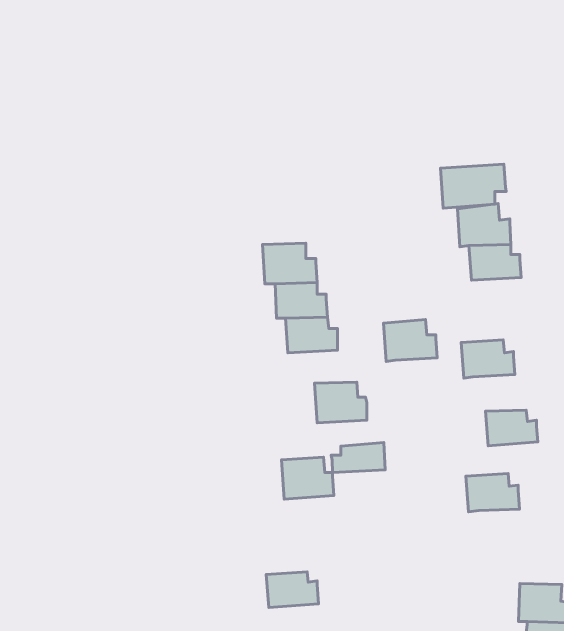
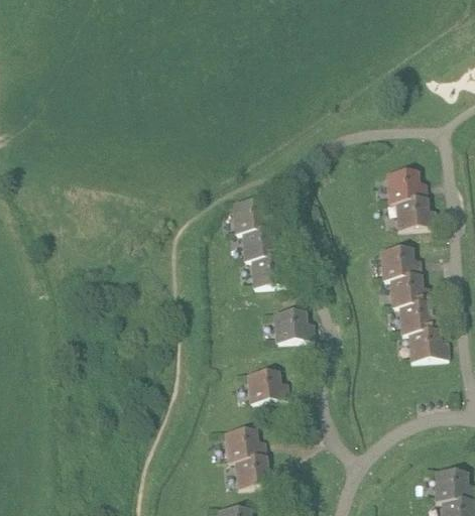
building: [440,164,506,208] -> none
building: [384,319,437,362] -> [379,246,422,279]
building: [331,442,385,472] -> none
building: [466,474,519,512] -> [397,303,440,334]
building: none -> [224,427,266,462]

